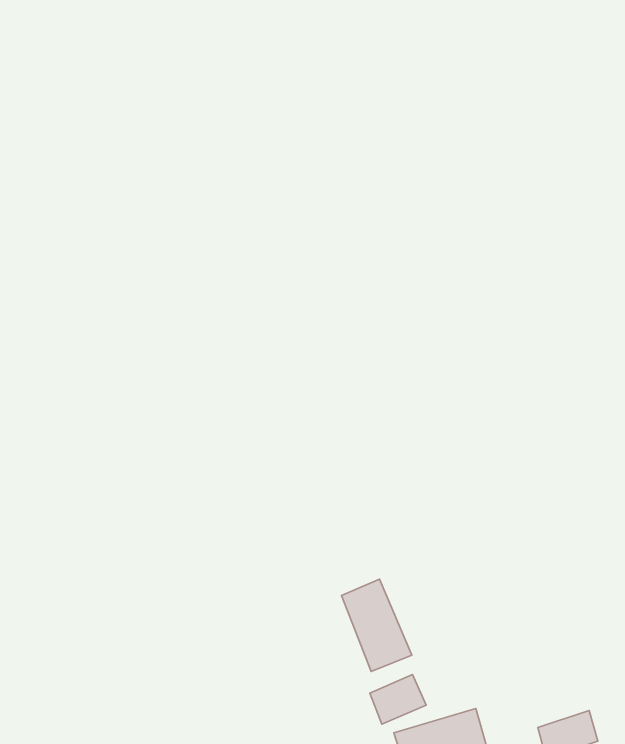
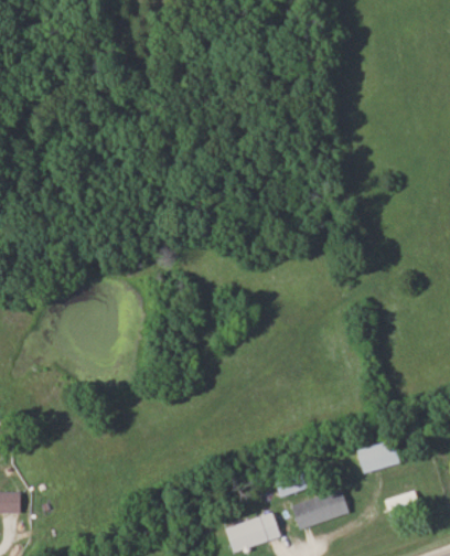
building: [341,579,412,672] -> none
building: none -> [358,440,401,472]

